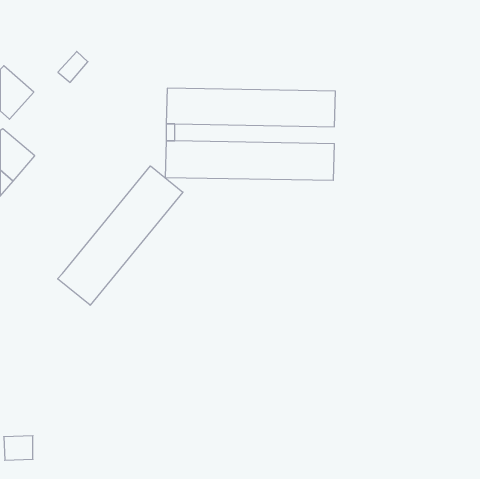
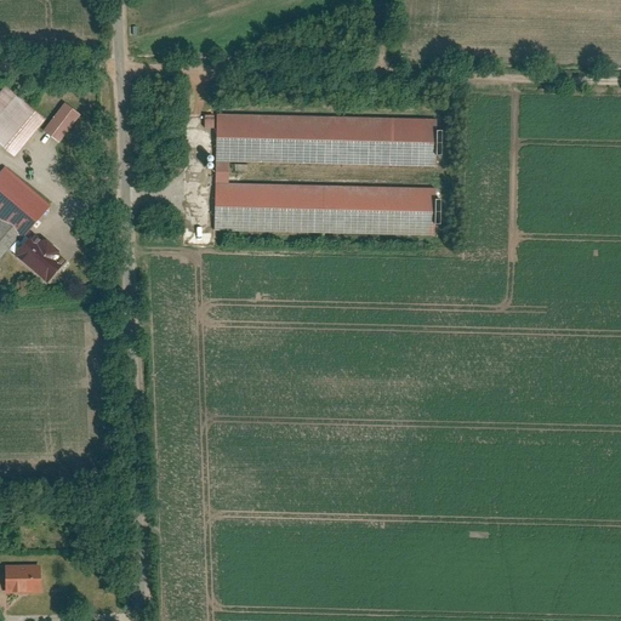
building: [58,51,88,82] -> [40,102,79,142]
building: [58,166,183,305] -> none
building: none -> [13,232,65,283]

